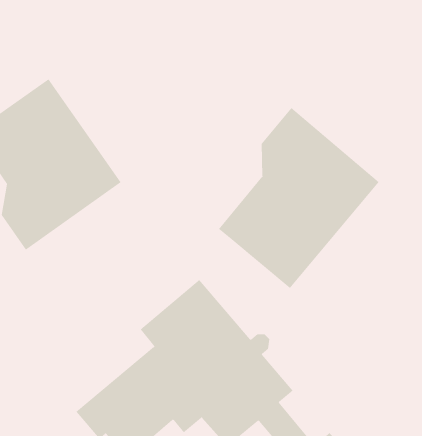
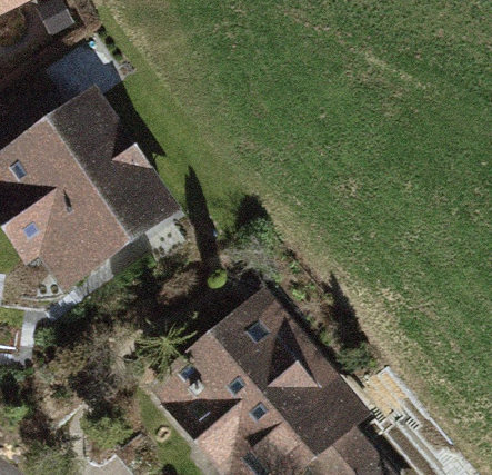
building: [218,107,380,289] -> none

